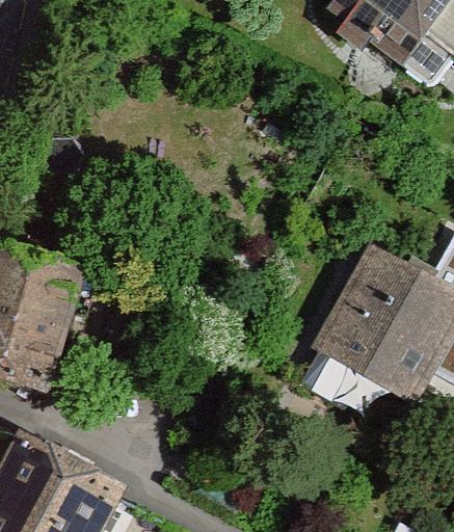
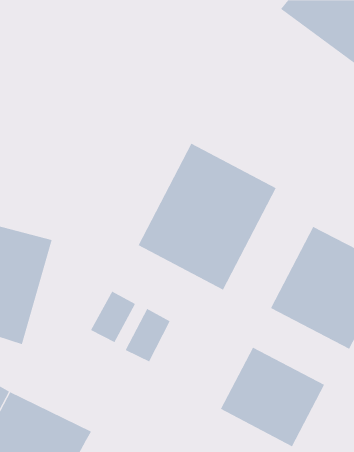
building: none -> [138,143,277,290]
building: none -> [220,347,325,447]

